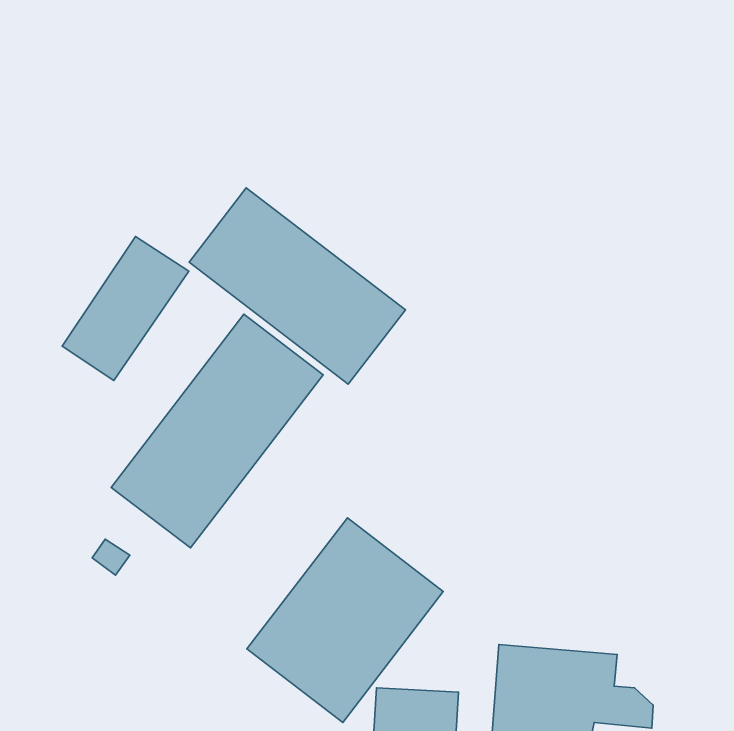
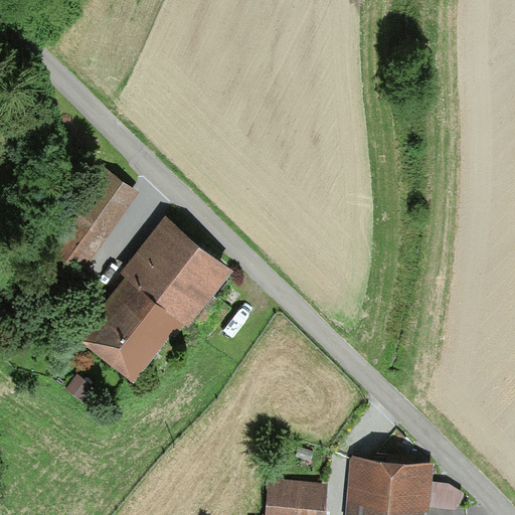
building: [189,188,405,384] -> none
building: [247,518,443,722] -> none

